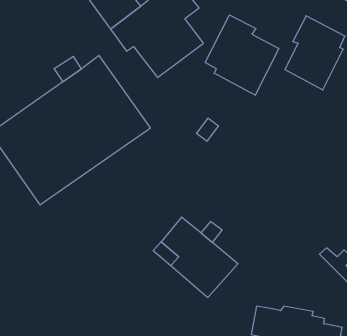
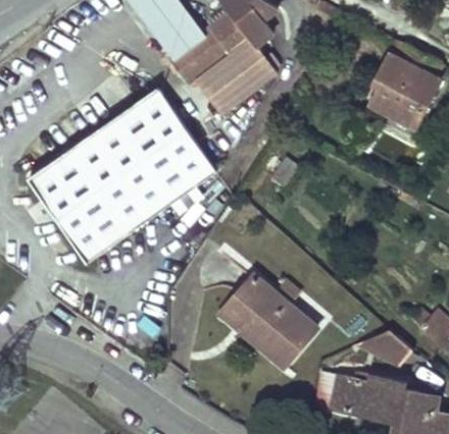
building: [205,15,279,95] -> none
building: none -> [355,330,412,365]

